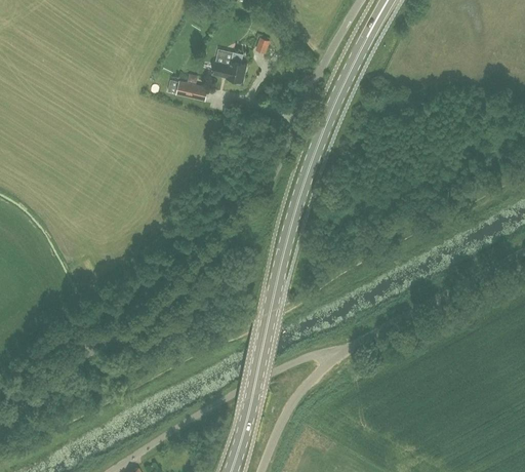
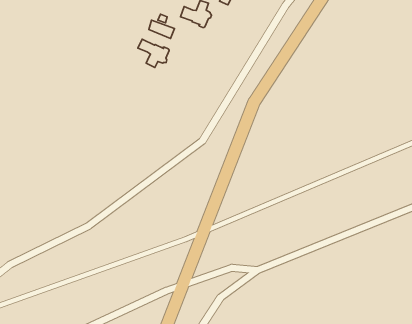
building: none -> [138,39,169,67]

